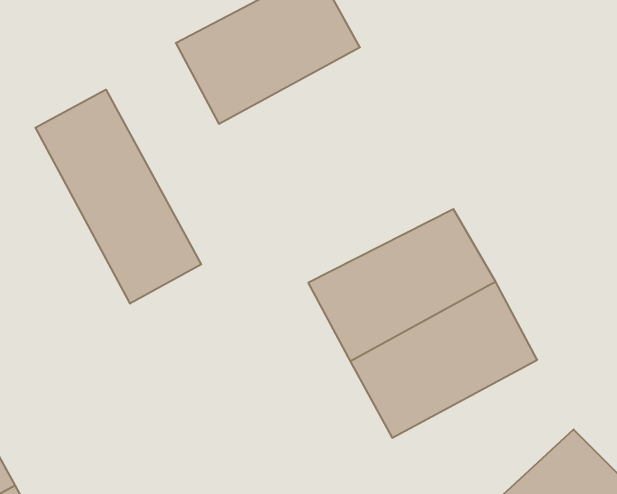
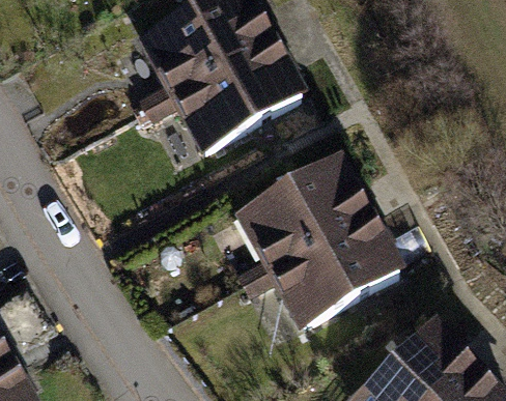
building: none -> [168,36,304,149]
building: [36,90,201,304] -> none

